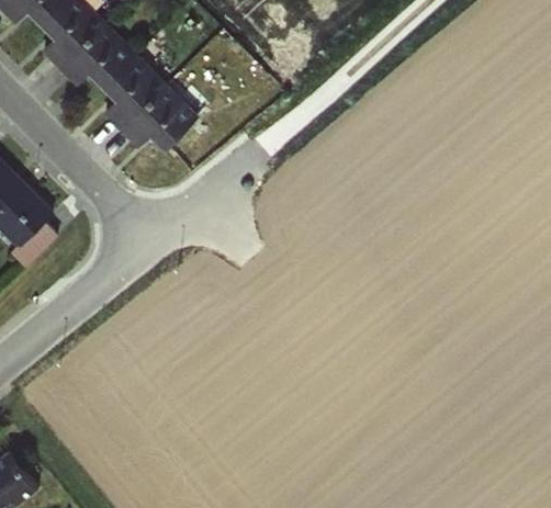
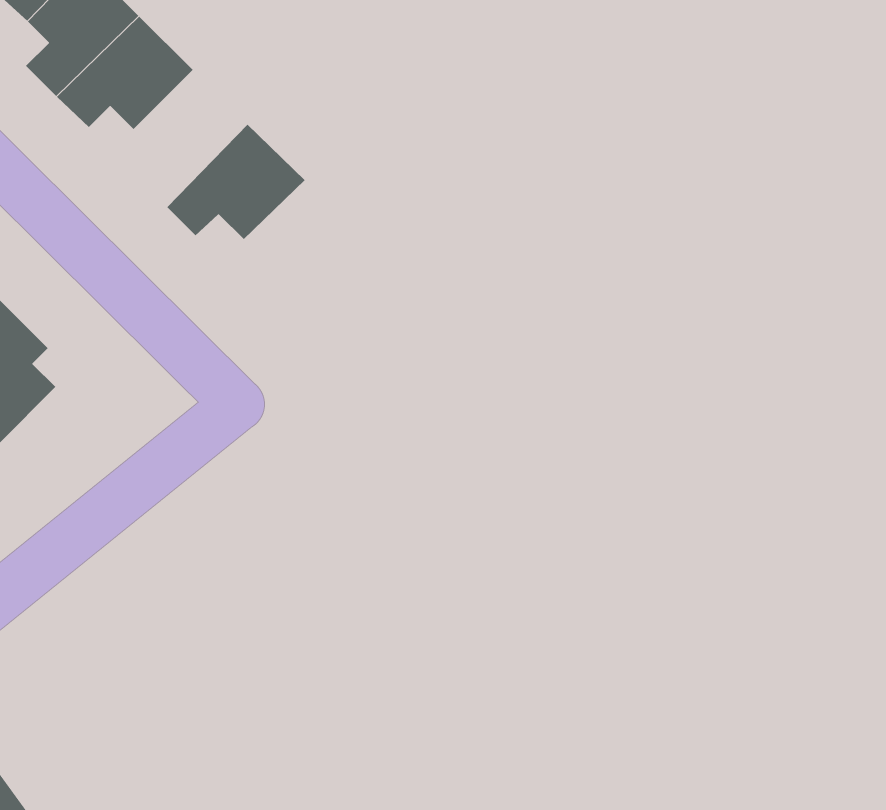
building: [97,45,161,123] -> none

